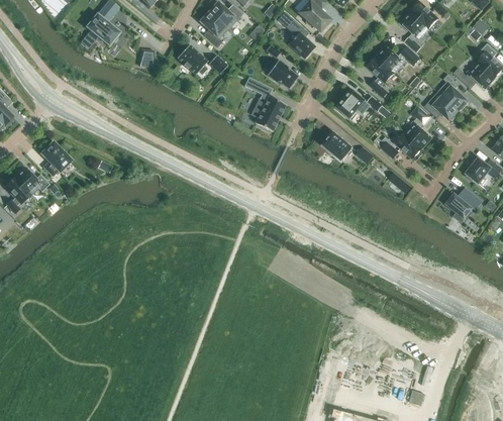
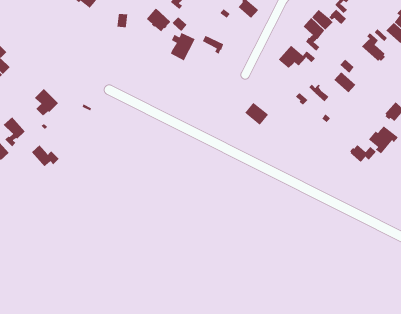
building: [267,60,298,89] -> none
building: [424,91,459,120] -> none
building: [255,96,286,131] -> [170,32,196,61]
building: [322,131,353,161] -> [244,102,269,126]
building: [394,131,422,159] -> none
building: [15,167,49,194] -> [31,145,60,167]
building: none -> [349,144,377,163]

